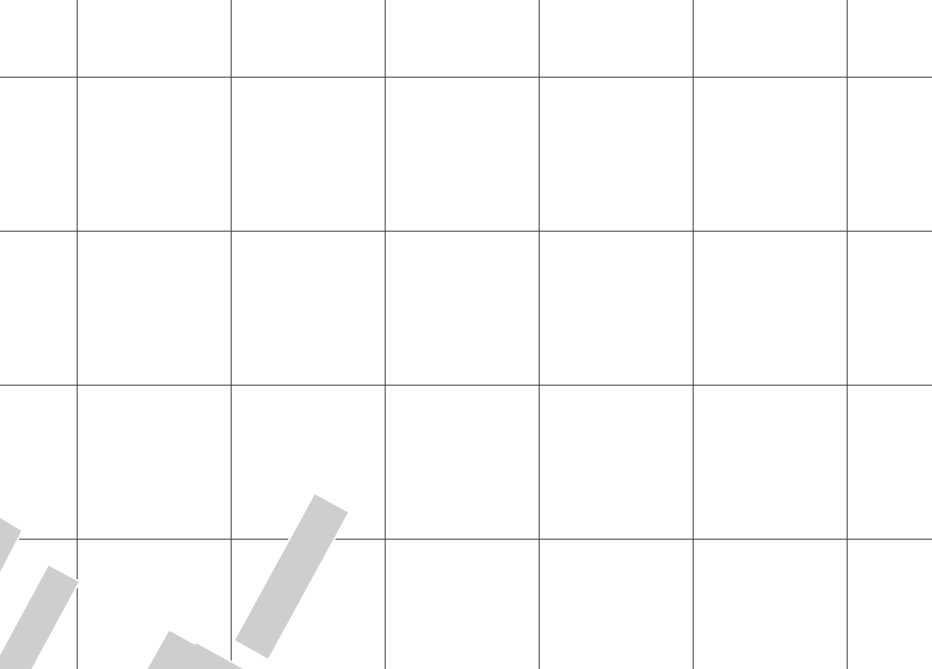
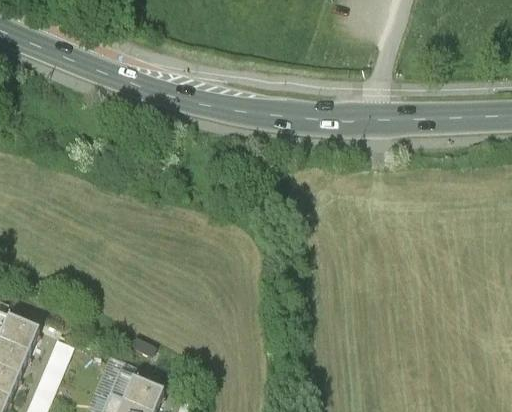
building: [234,493,349,660] -> none

